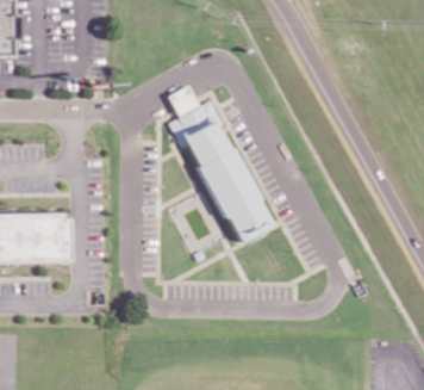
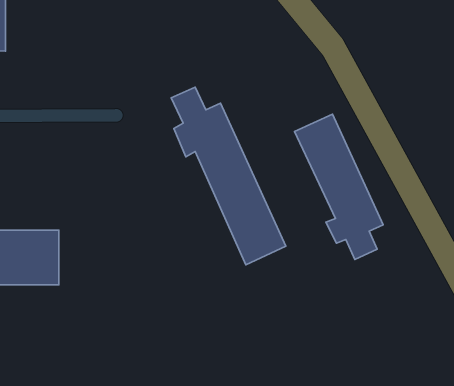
building: none -> [294,114,383,260]

